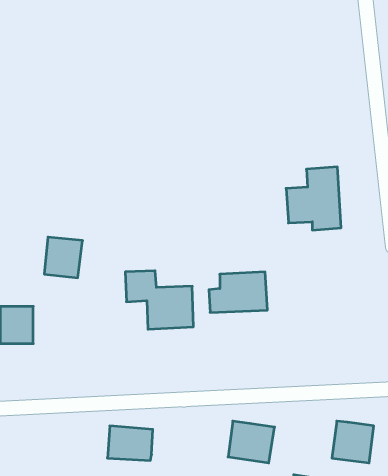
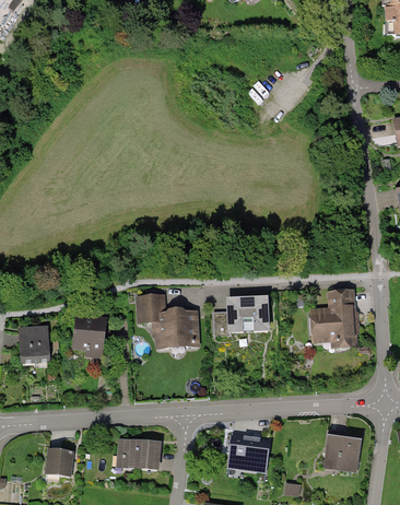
building: [286,167,341,230] -> [307,291,357,349]
building: [44,237,83,278] -> [74,318,109,355]
building: none -> [42,448,72,475]

